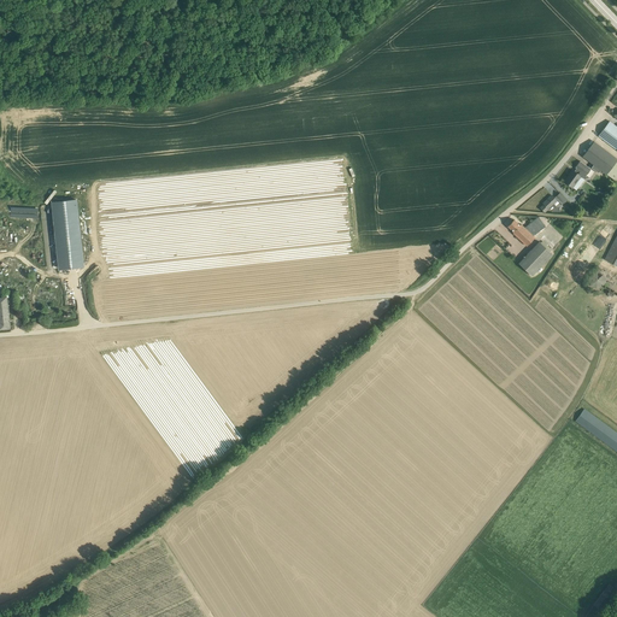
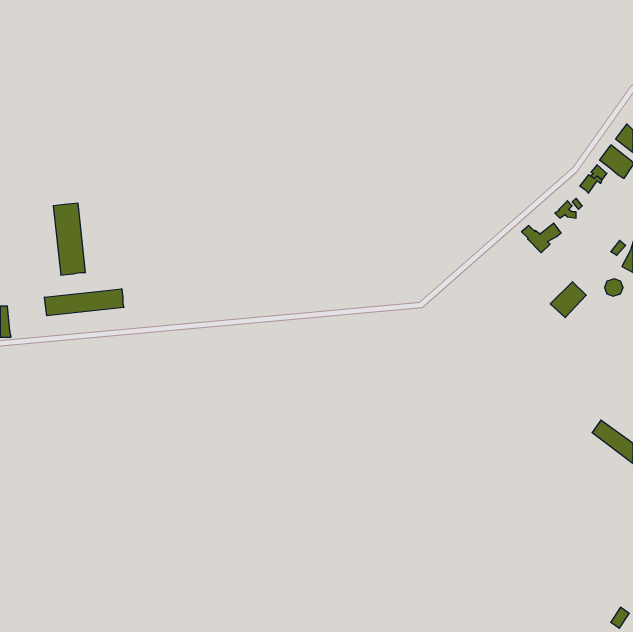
building: [518,242,553,277] -> [550,282,586,318]
building: none -> [45,289,124,316]

